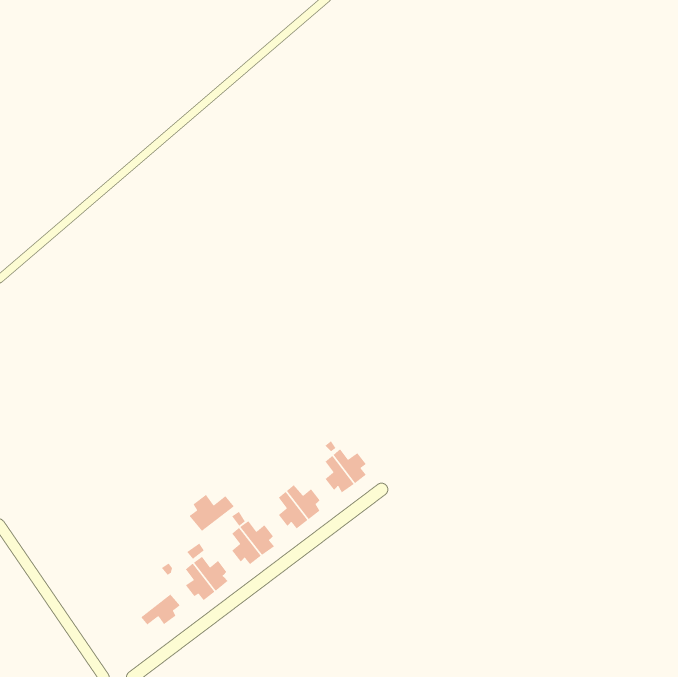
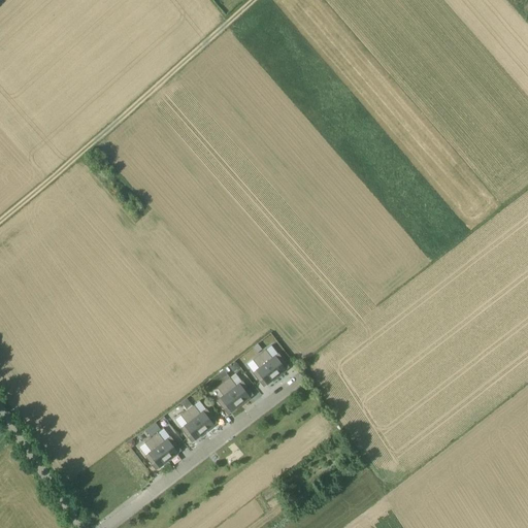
building: [189,494,235,532] -> none
building: [140,594,181,626] -> none

